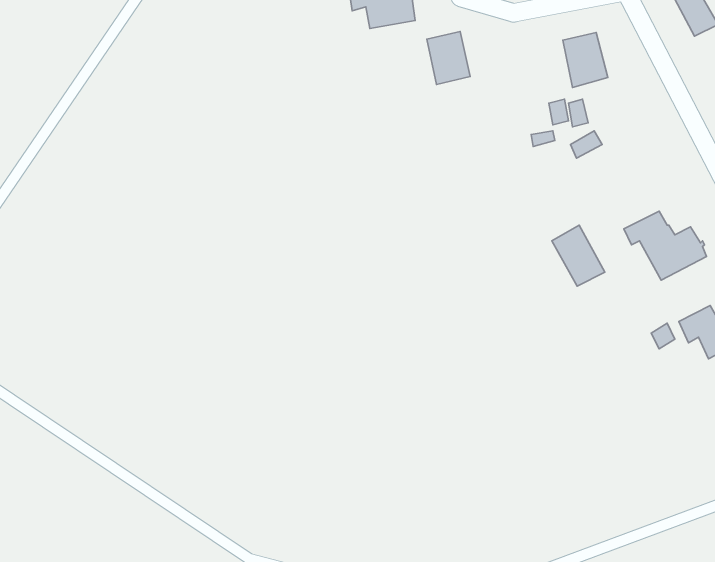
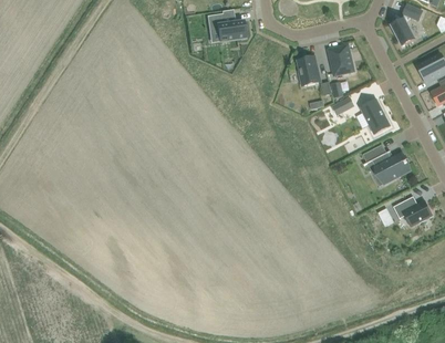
building: [427,31,470,84] -> [297,55,321,85]
building: [552,225,605,286] -> [361,98,391,133]

